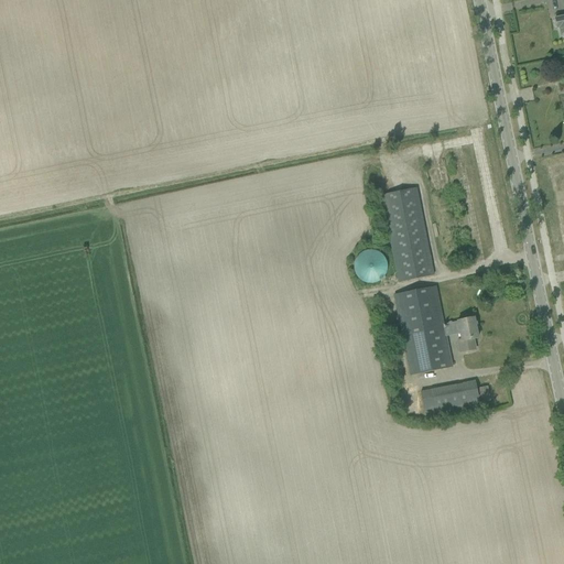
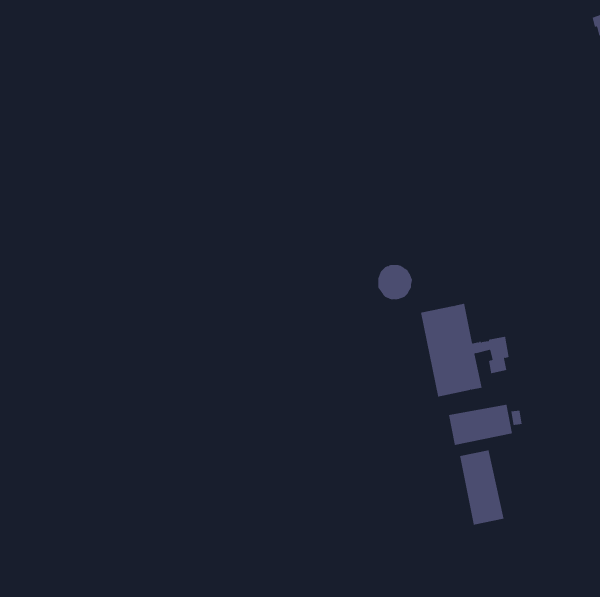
building: [381,185,434,280] -> none
building: none -> [460,450,504,526]

